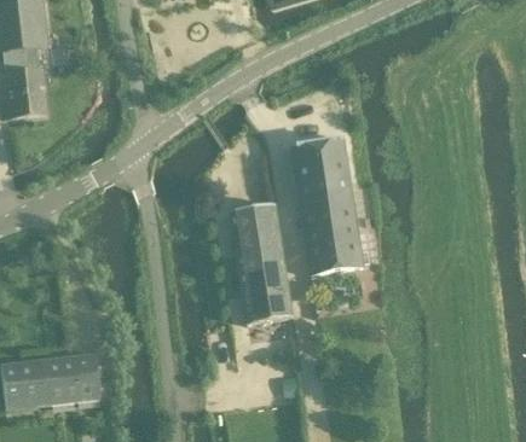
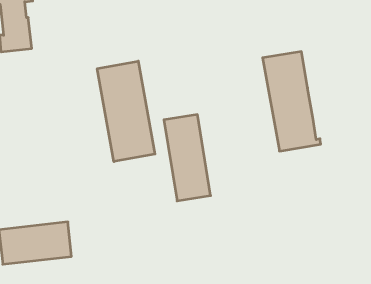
building: none -> [97,61,155,162]
building: [288,136,368,273] -> [263,52,321,151]

